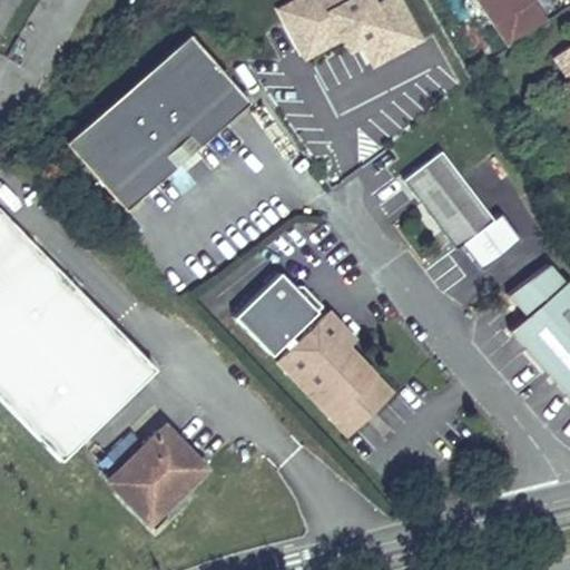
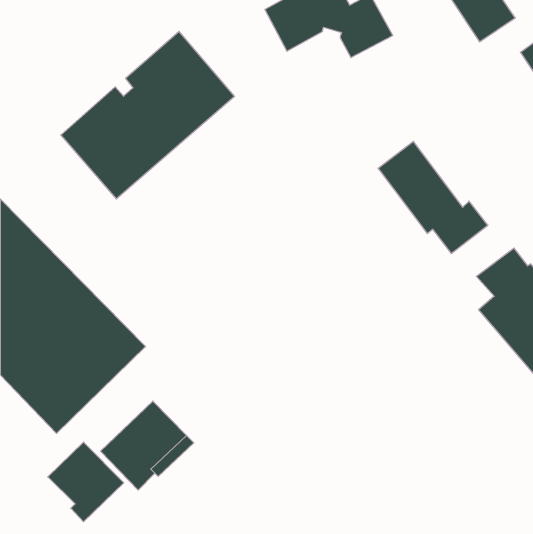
building: [228,267,315,354] -> none
building: [278,311,393,434] -> none
building: none -> [48,442,124,522]

